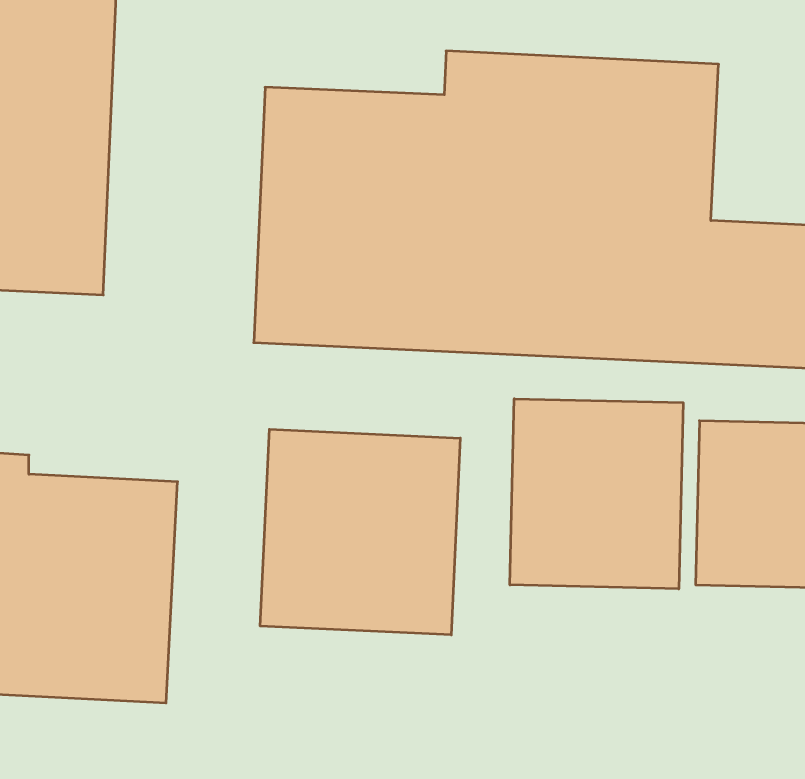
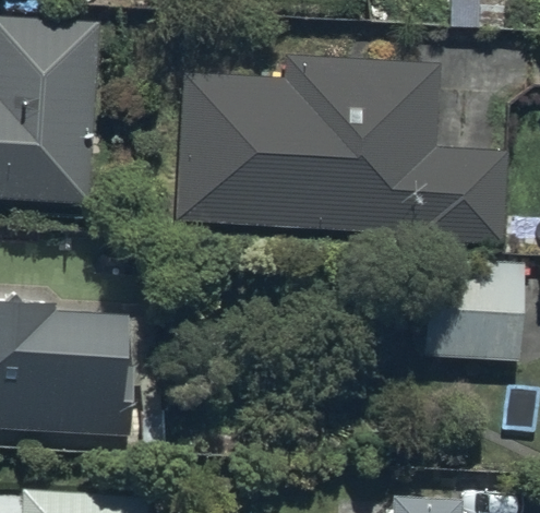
building: [510,399,683,589] -> none
building: [260,429,460,635] -> none

